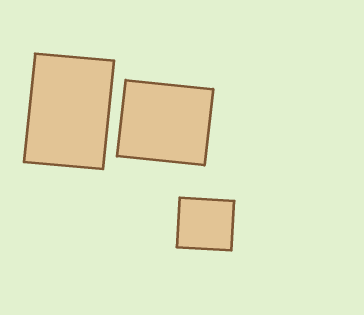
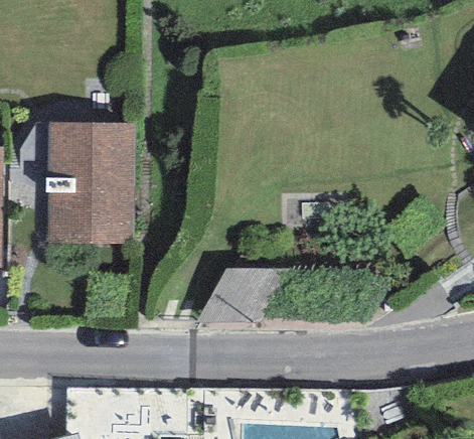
building: [117,80,213,165] -> none

